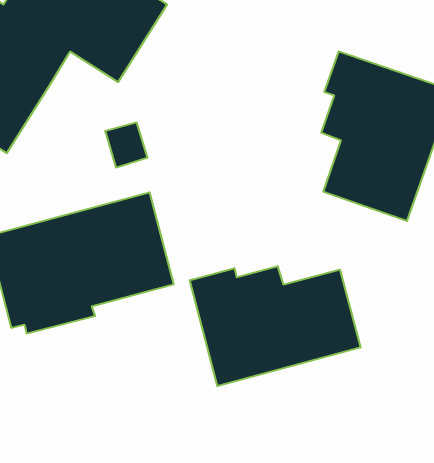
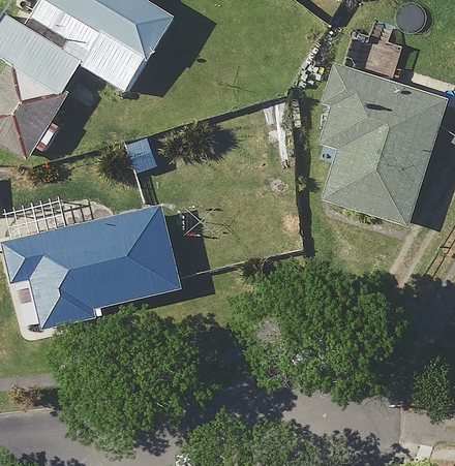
building: [190,266,361,386] -> none

